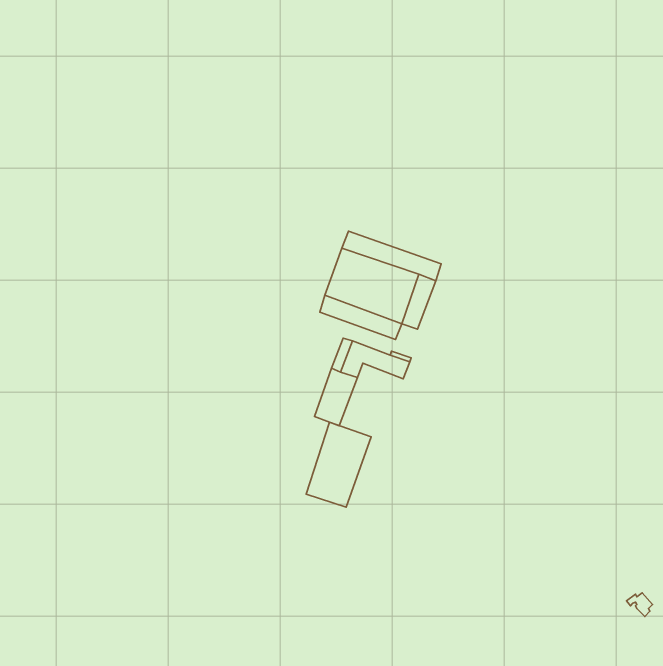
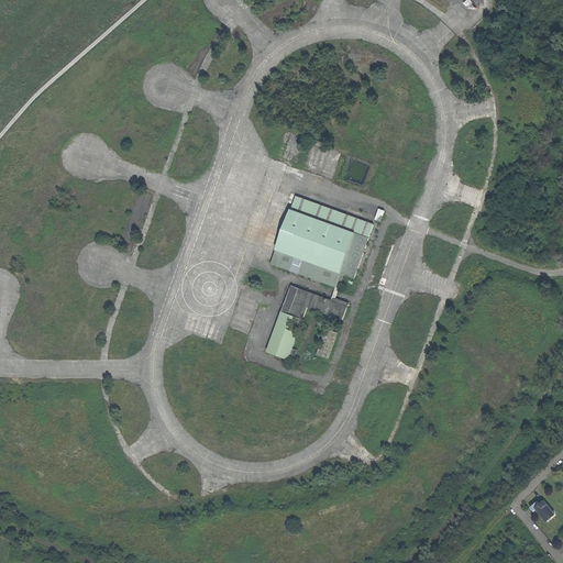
building: [306,422,371,507] -> none

